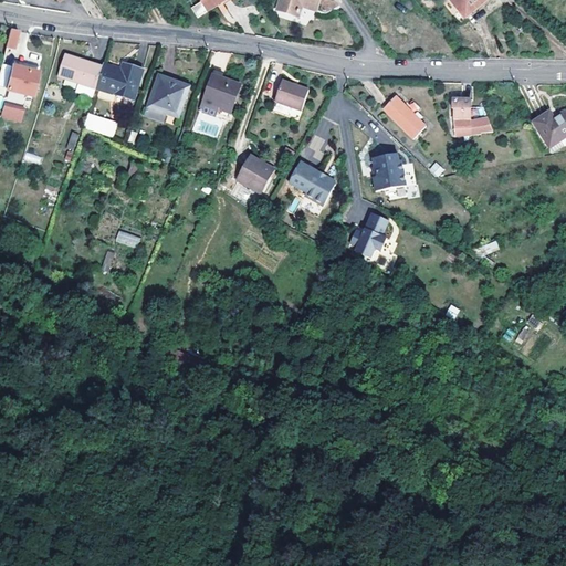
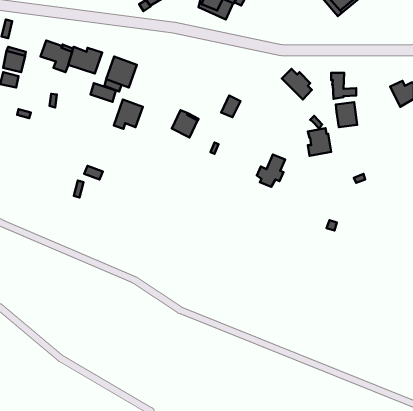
building: [201,77,241,117] -> [114,100,143,129]
building: [273,78,307,109] -> none
building: [84,109,118,135] -> [91,83,116,102]
building: none -> [336,102,357,127]
building: [375,150,407,188] -> [308,128,331,156]
building: [291,159,337,203] -> none

